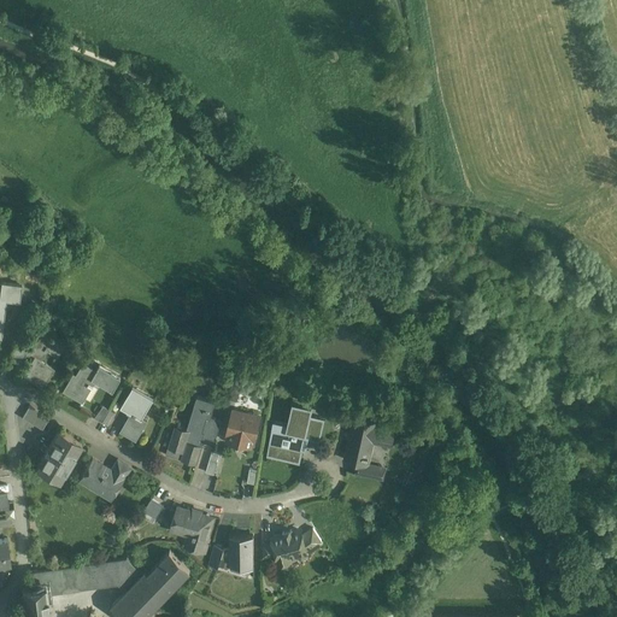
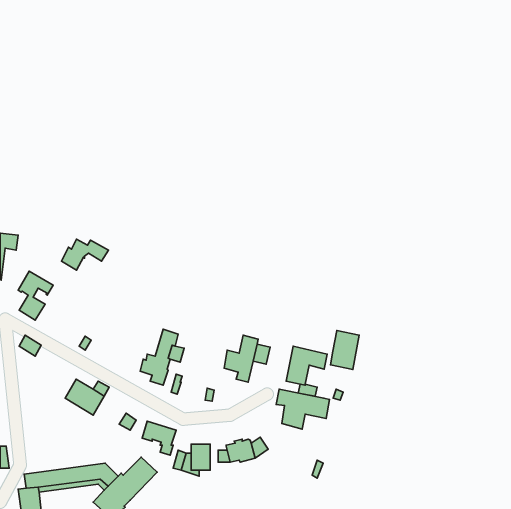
building: [64,366,121,404] -> [62,239,109,270]
building: [121,398,148,441] -> none
building: none -> [331,331,359,369]
building: [228,412,259,448] -> none
building: [36,431,82,483] -> none
building: none -> [276,389,329,429]

